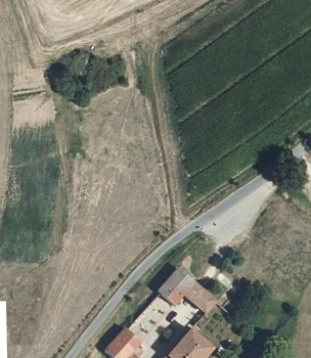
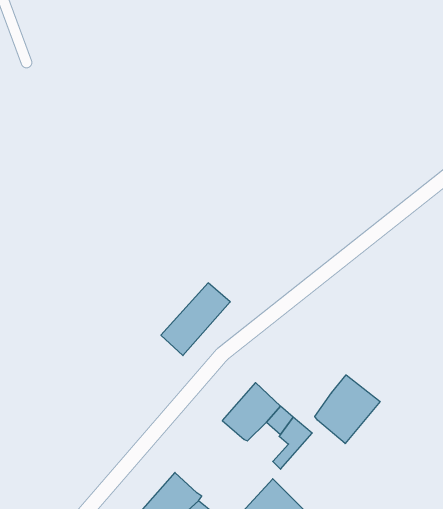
building: none -> [315,375,380,444]
building: [128,294,173,341] -> [161,283,230,356]

